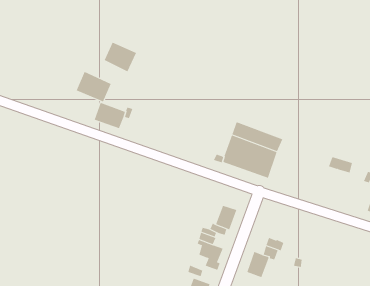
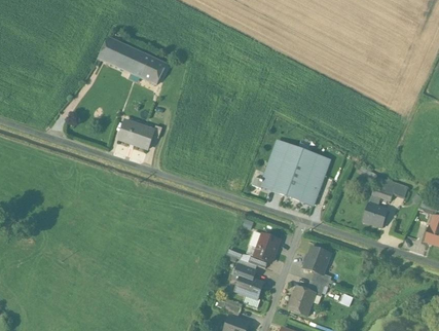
building: [76,71,112,102] -> [99,36,139,71]
building: none -> [363,188,391,227]
building: none -> [304,246,330,272]

